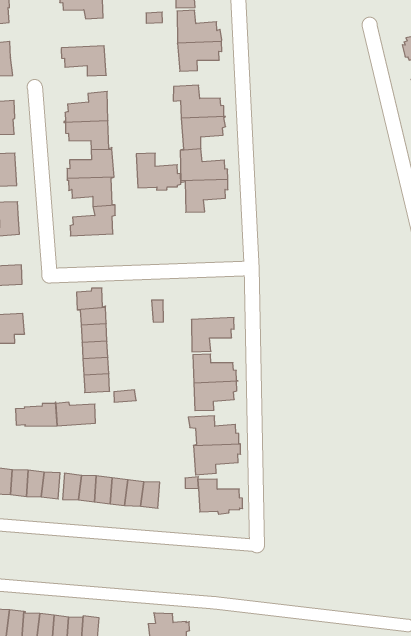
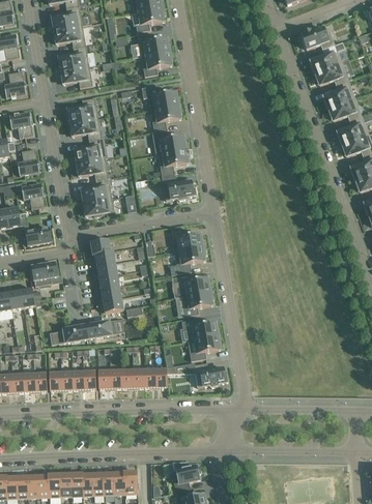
building: none -> [58,43,89,68]
building: [136,153,181,190] -> [162,172,196,198]
building: none -> [82,196,114,214]
building: none -> [173,231,205,249]

